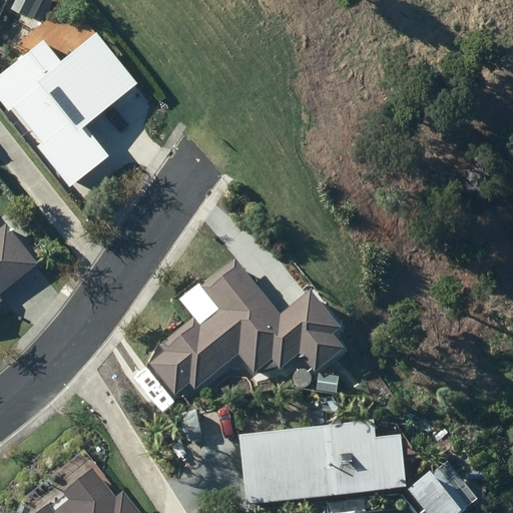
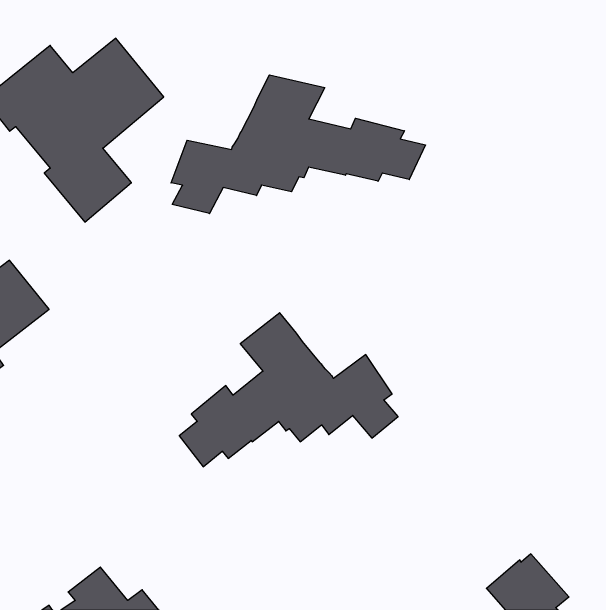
building: none -> [171,75,425,214]
building: [241,429,398,501] -> none

